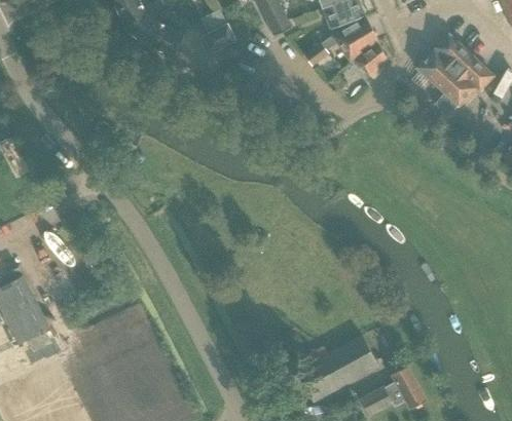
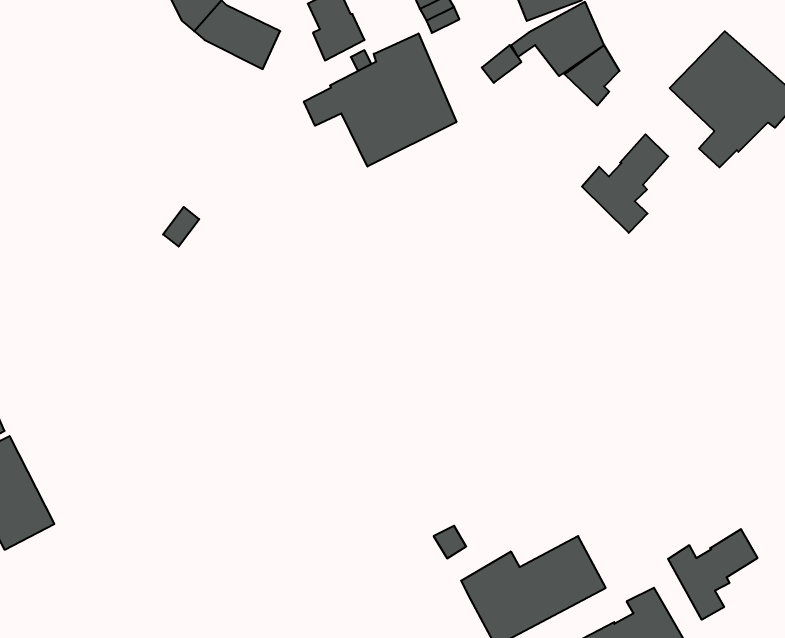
building: none -> [304,33,456,167]
building: none -> [582,134,668,233]
building: none -> [668,529,757,620]

